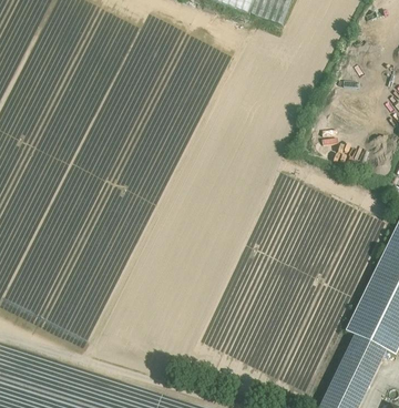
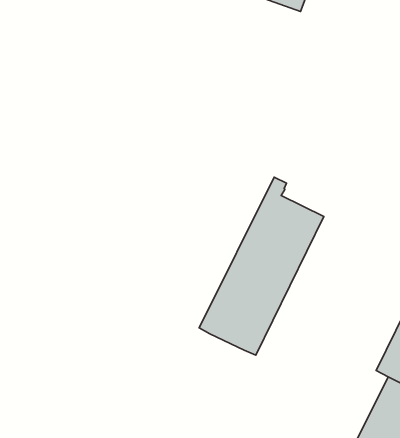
building: none -> [199,177,324,355]

